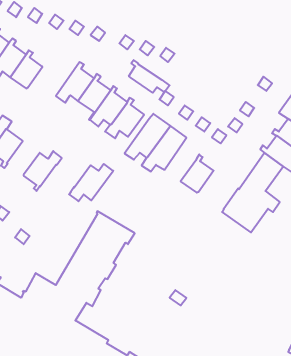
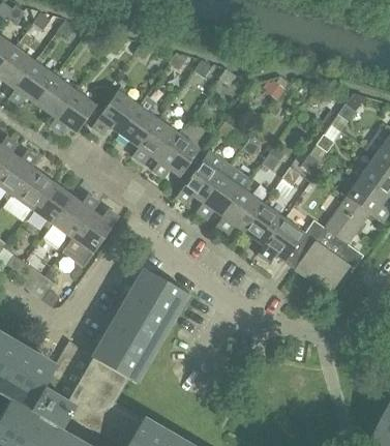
building: [129,60,170,93] -> none
building: none -> [49,85,96,133]
building: none -> [31,181,71,229]
building: none -> [217,183,263,233]
building: [69,164,113,201] -> [65,208,119,254]
building: none -> [257,217,313,264]

